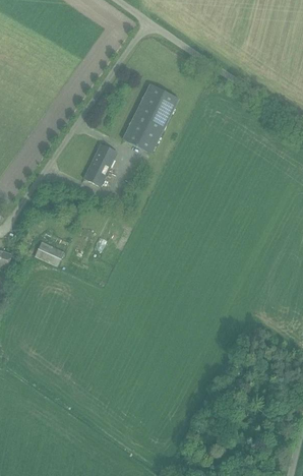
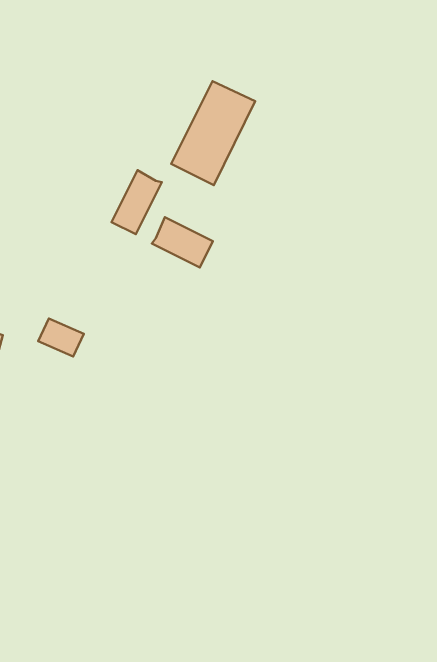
building: none -> [152,217,213,267]

